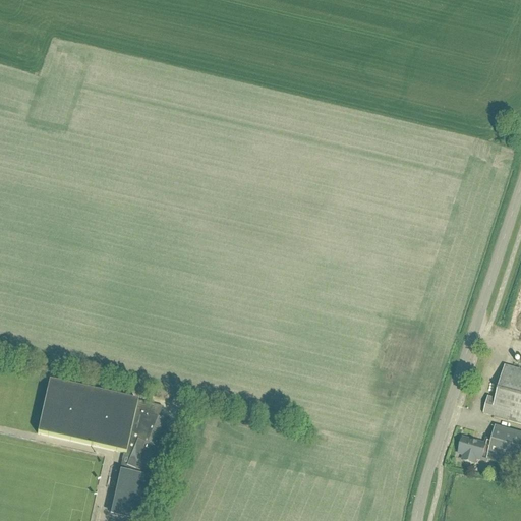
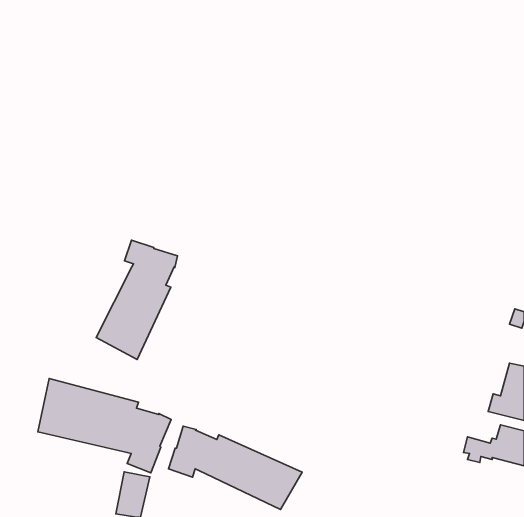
building: none -> [96,240,178,359]
building: none -> [169,426,302,510]

